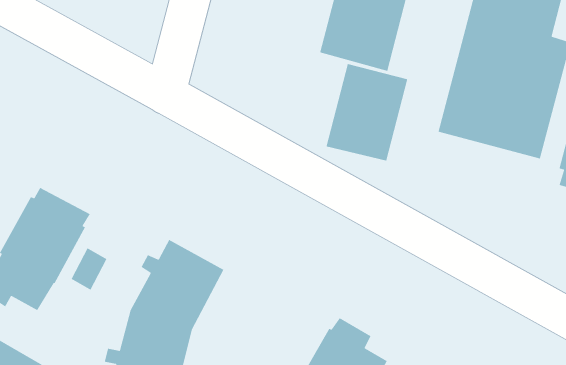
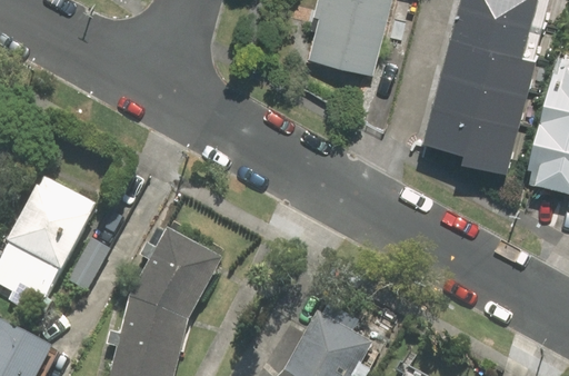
building: [325,63,408,162] -> none

